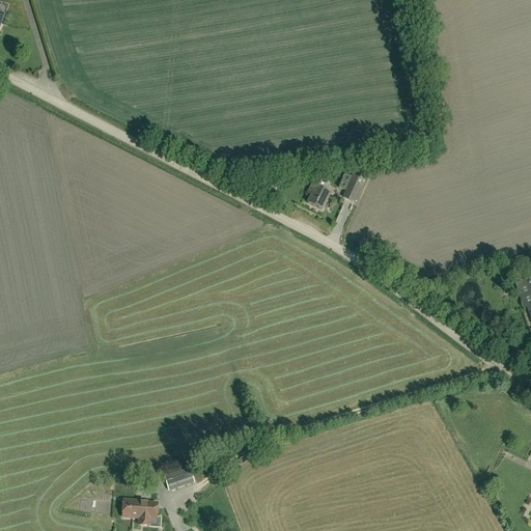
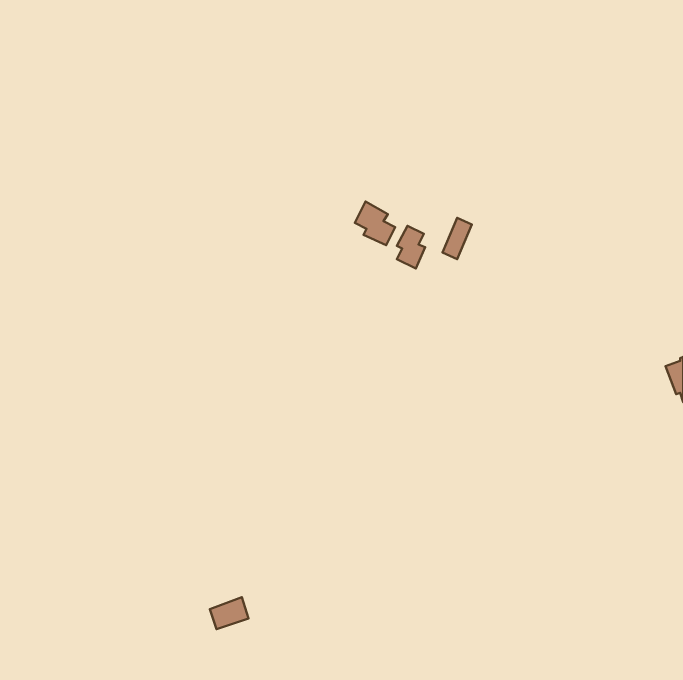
building: none -> [355,202,395,245]
building: [122,499,157,524] -> none

